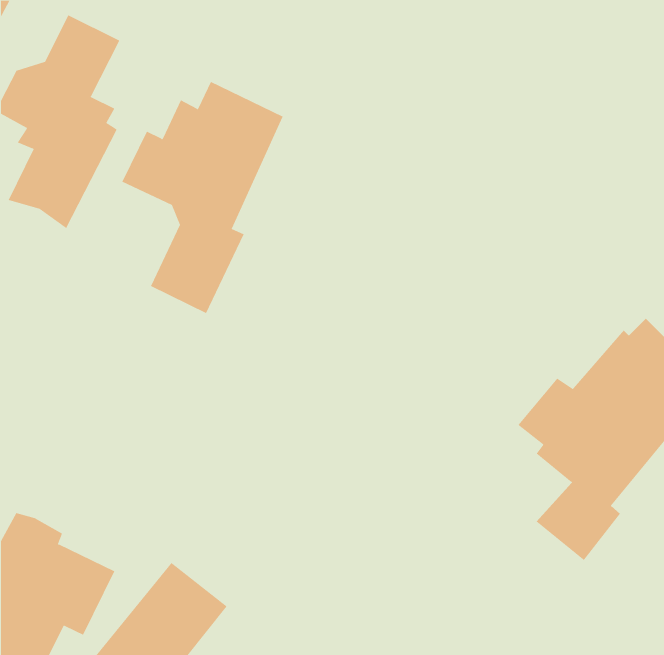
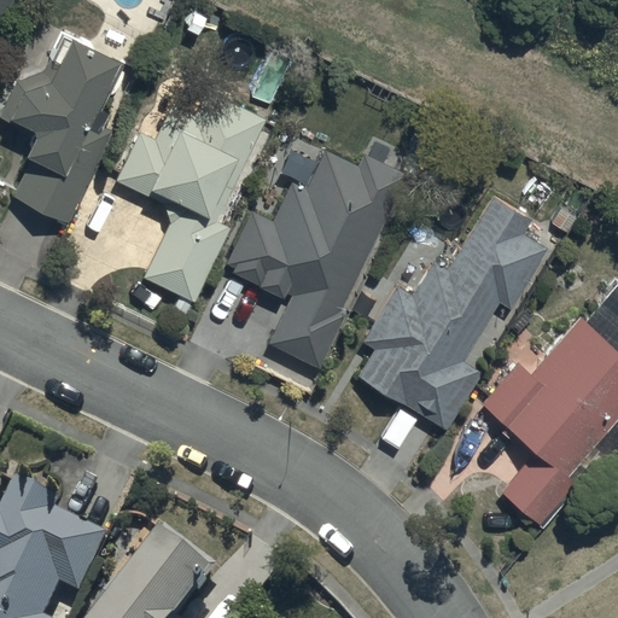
building: none -> [226,141,403,367]
building: none -> [358,194,546,430]

